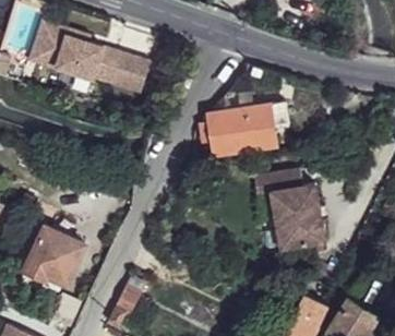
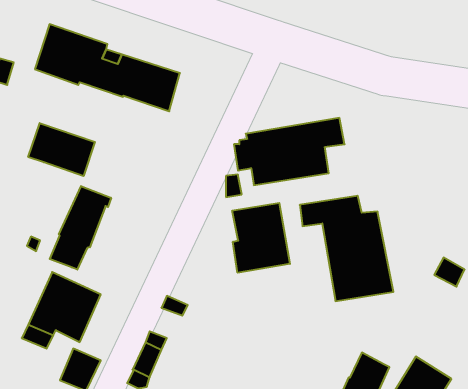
building: none -> [28,123,95,176]
building: none -> [50,186,111,270]
building: none -> [232,203,290,273]

